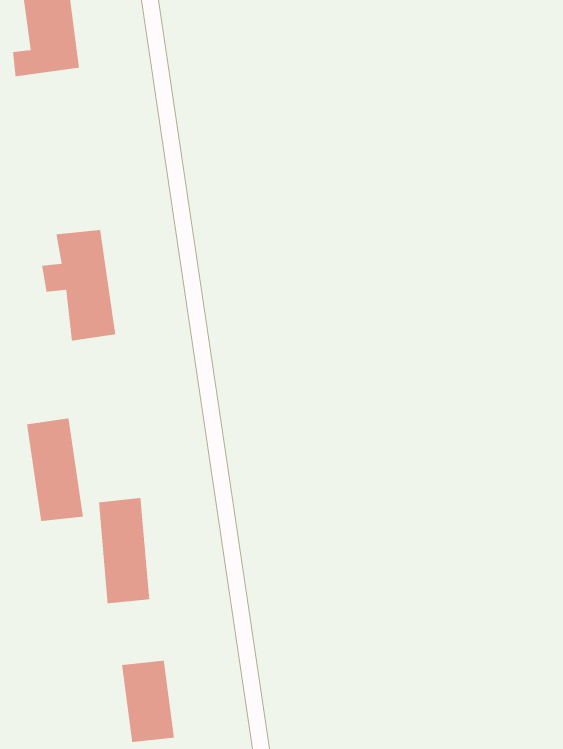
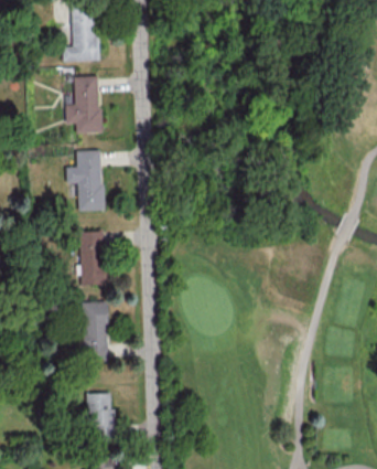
building: none -> [66,76,101,134]
building: [26,417,84,522] -> [79,231,106,287]

